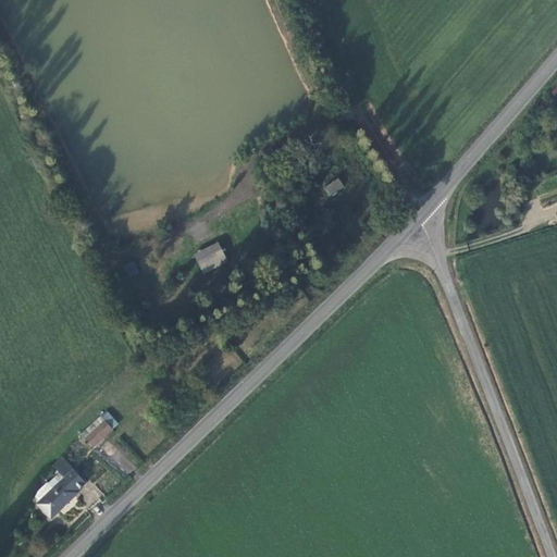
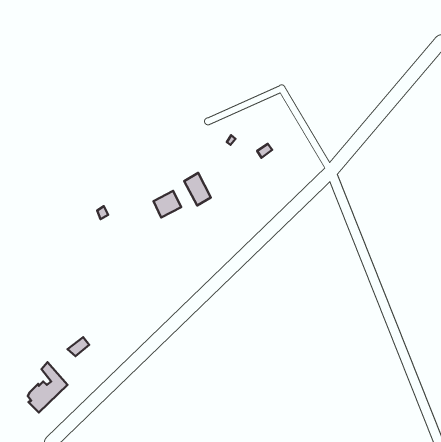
building: none -> [184,173,211,206]

